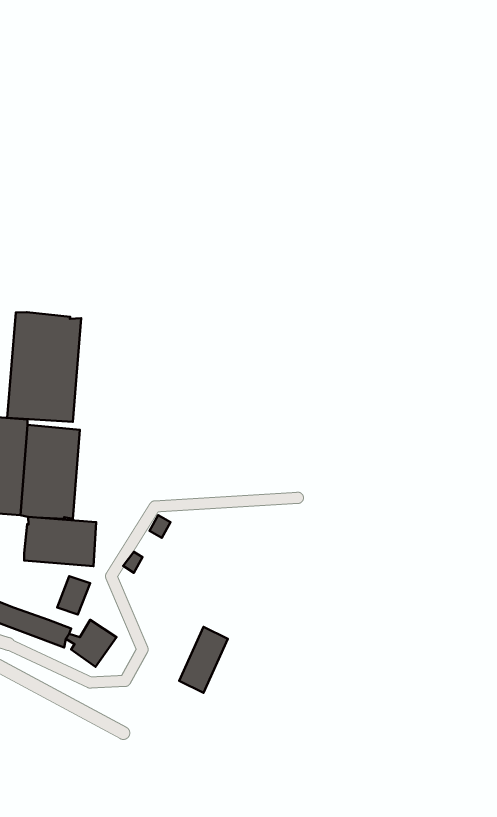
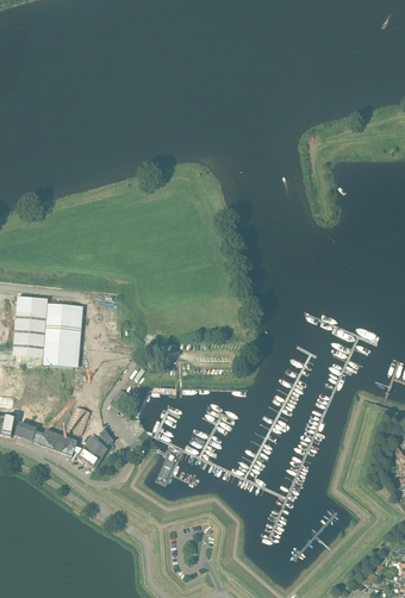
building: [7,312,81,422] -> none
building: [24,517,96,566] -> none

